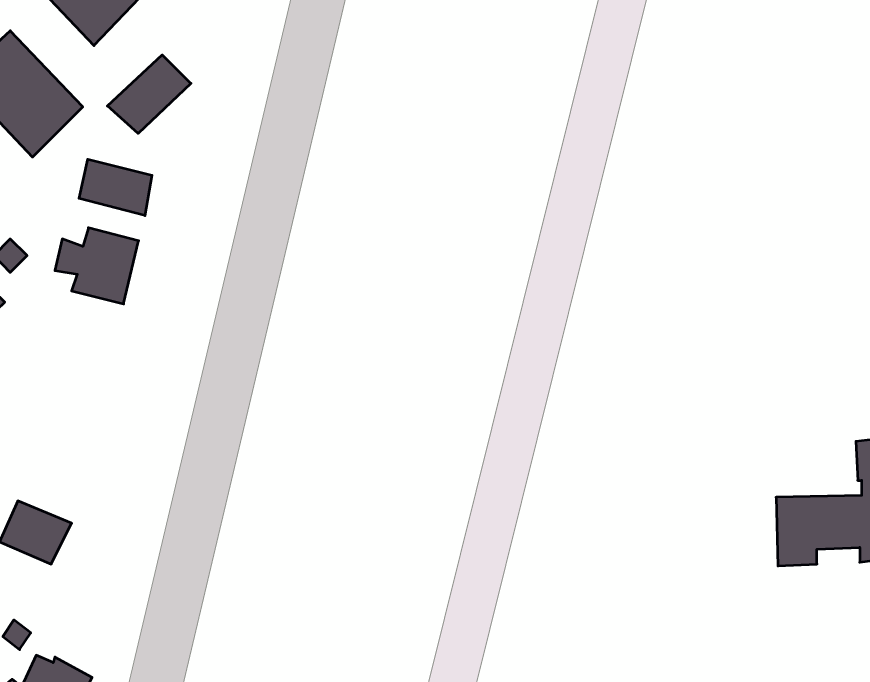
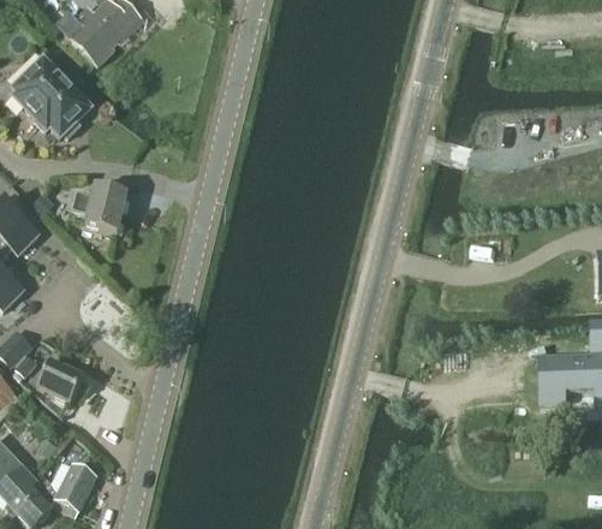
building: [107,55,191,133] -> none
building: [79,159,152,216] -> none

